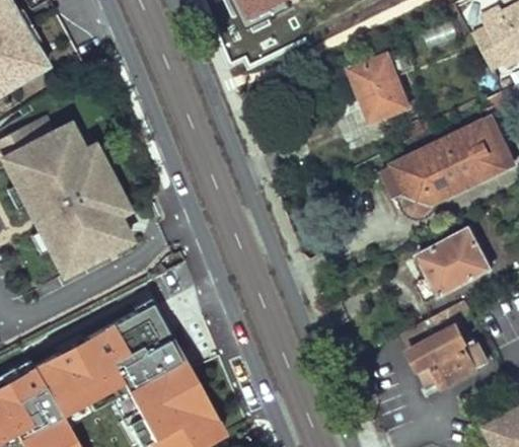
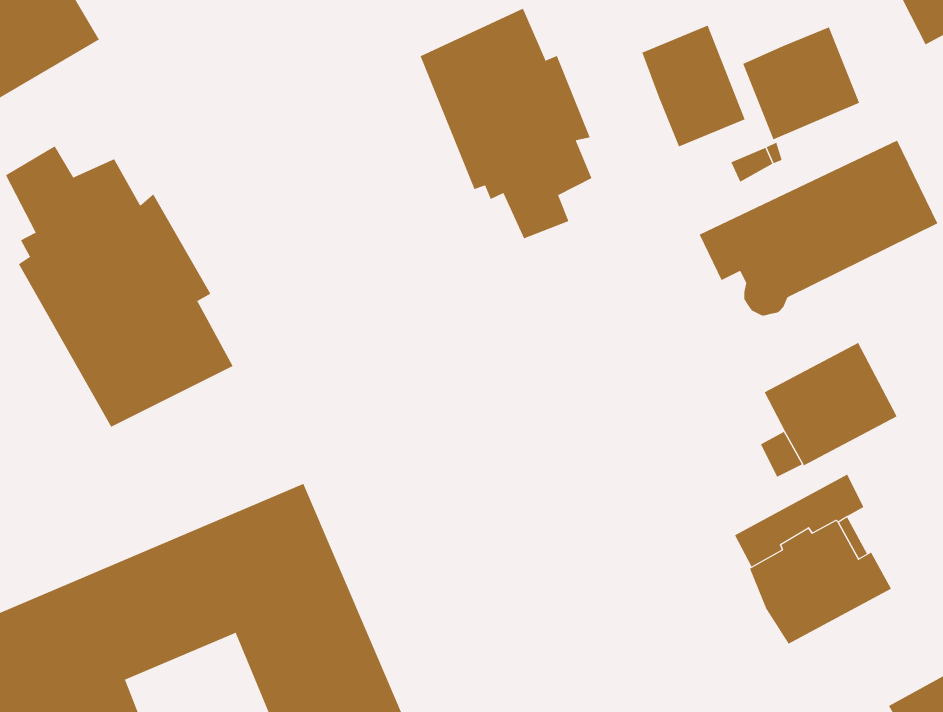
building: none -> [420,8,592,239]
building: none -> [743,27,860,140]

